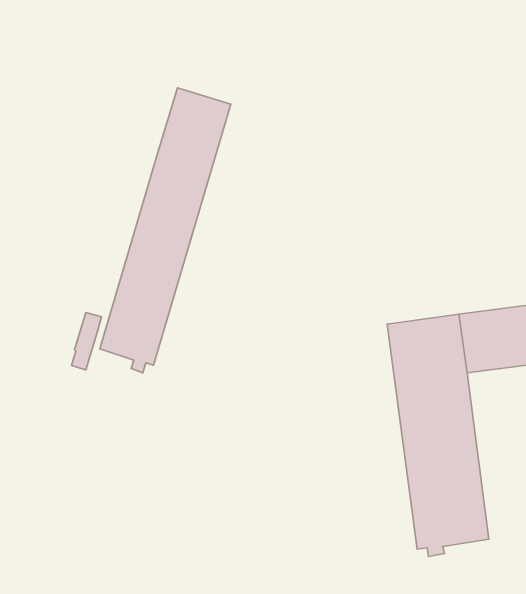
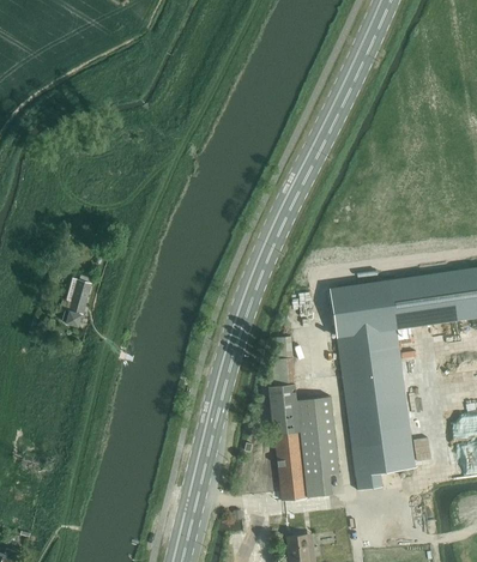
building: [100,88,231,373] -> none
building: none -> [268,336,338,500]

